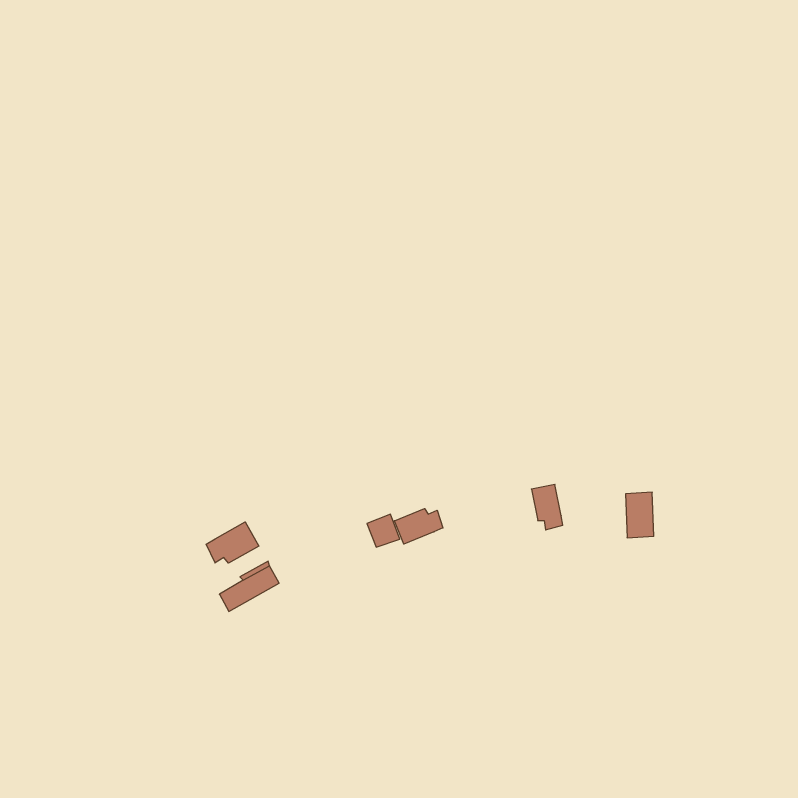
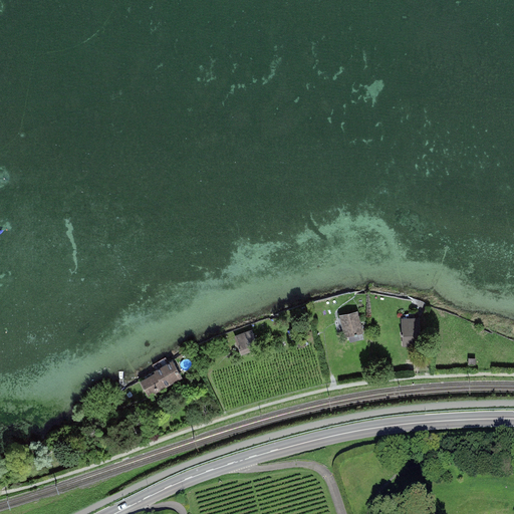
building: [394,509,443,544] -> none
building: [206,522,259,563] -> none

